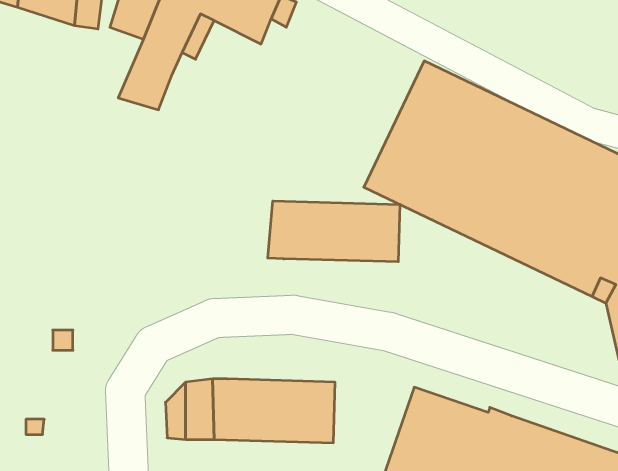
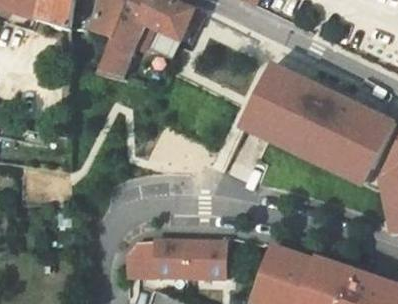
building: [268,201,400,262] -> none

